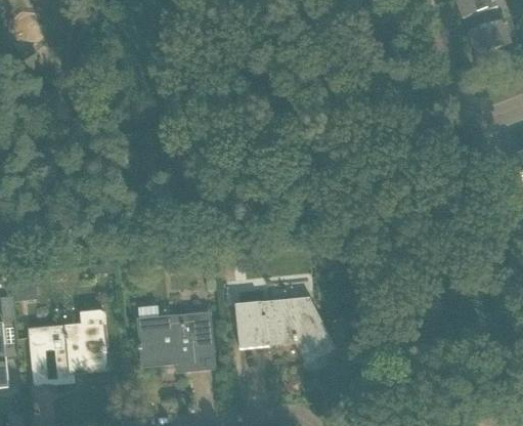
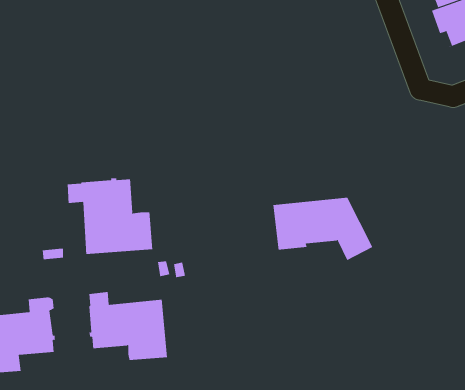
building: none -> [67,177,153,255]
building: [234,297,332,358] -> [273,197,373,261]

